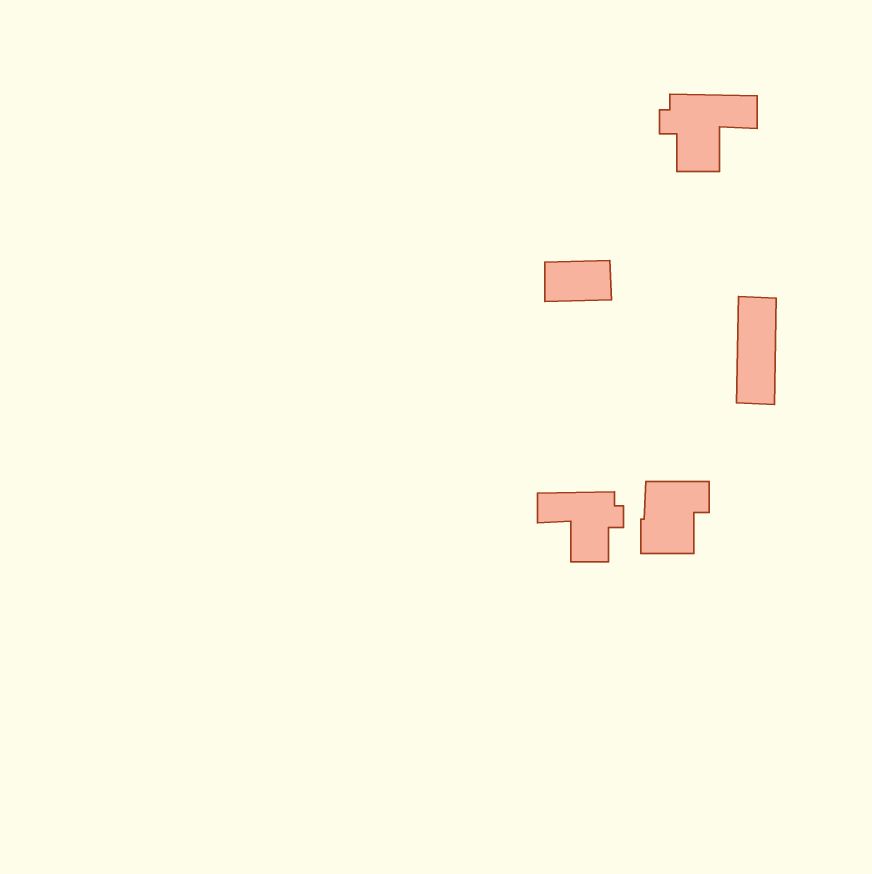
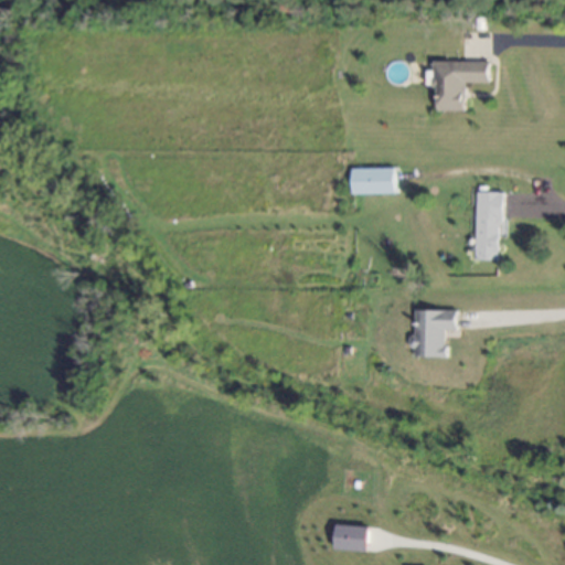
building: [538,492,624,562] -> none
building: none -> [334,524,367,551]

